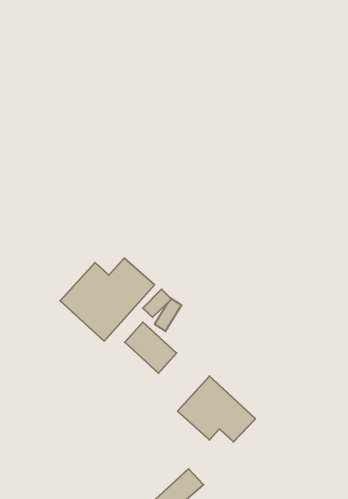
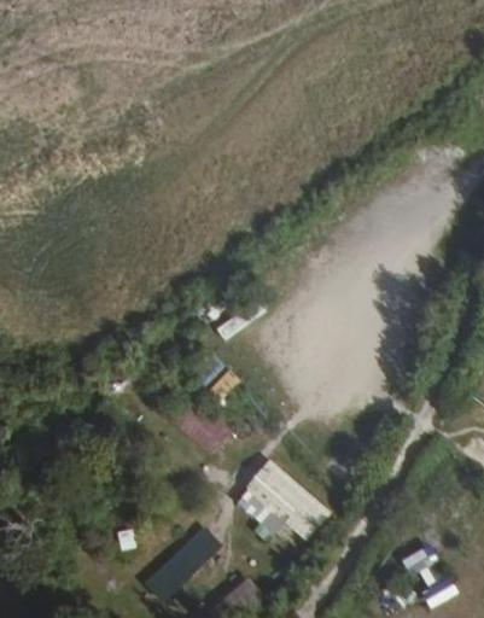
building: [60,258,154,341] -> none
building: none -> [146,526,222,605]

